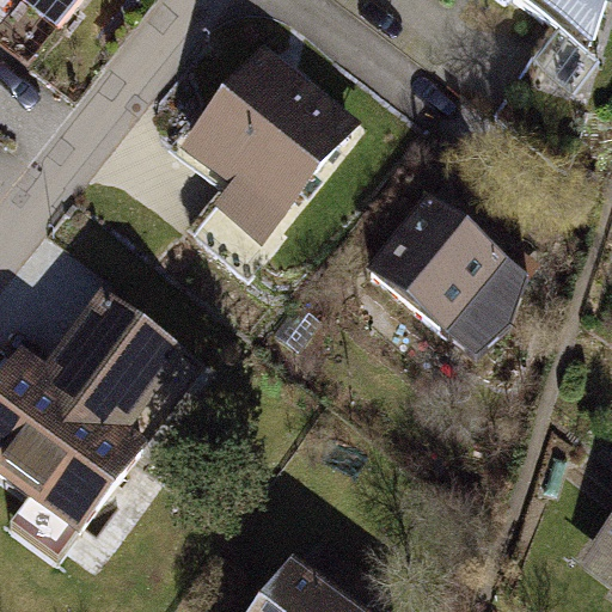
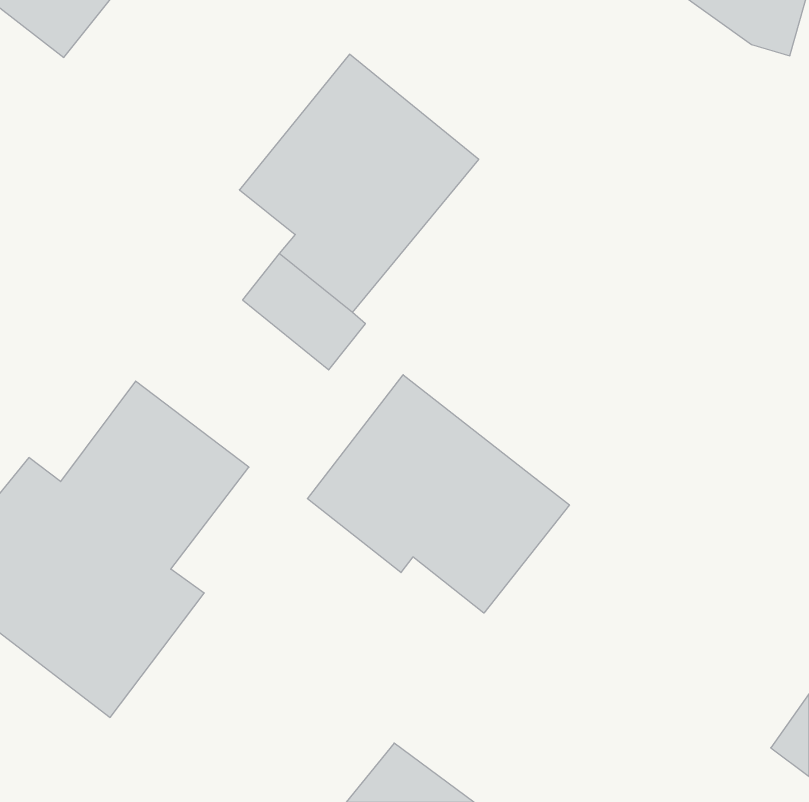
building: [361,188,532,359] -> none
building: none -> [307,375,569,613]

